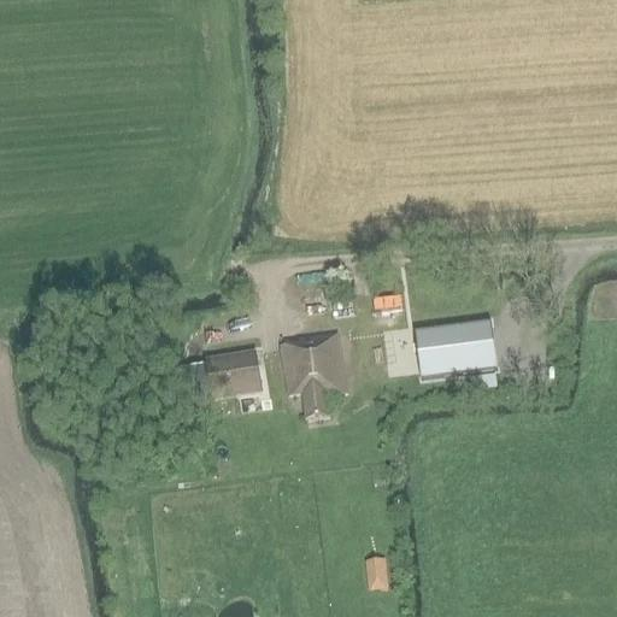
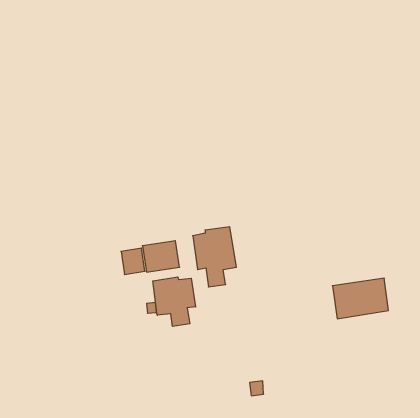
building: [411,317,493,376] -> [332,278,388,319]
building: none -> [153,277,196,326]

